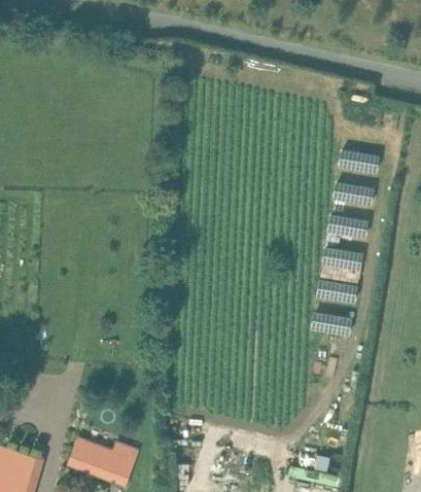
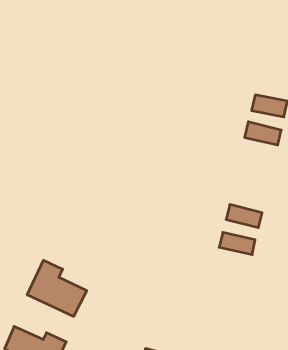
building: [327,214,367,238] -> none
building: [321,247,362,271] -> none
building: none -> [27,260,87,316]

